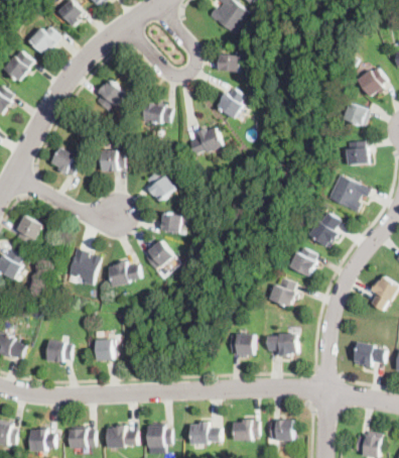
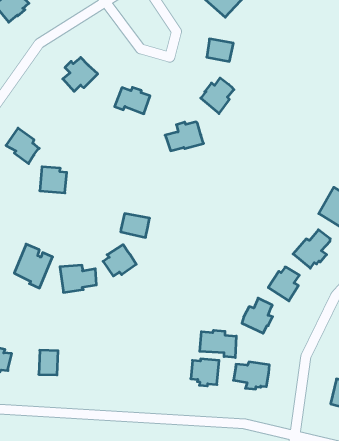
building: [101,149,123,170] -> [40,167,67,193]
building: [145,170,175,201] -> none
building: none -> [200,330,236,358]

